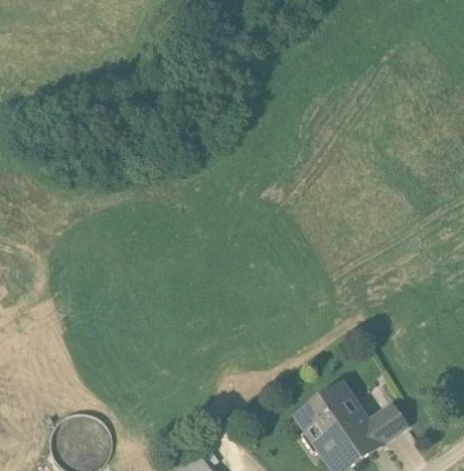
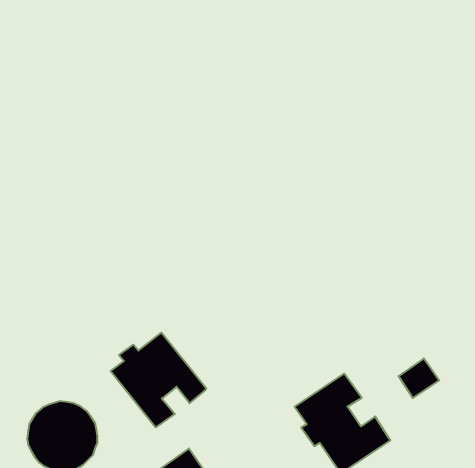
building: none -> [111,333,206,427]
building: [367,407,405,443] -> [398,358,439,398]

